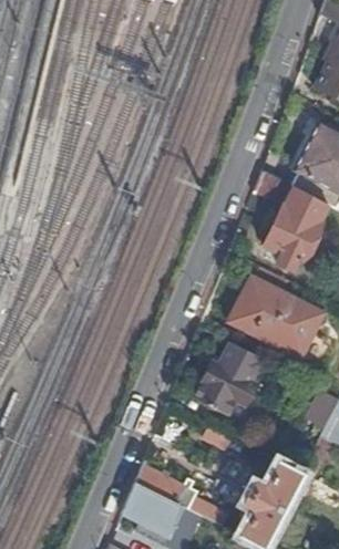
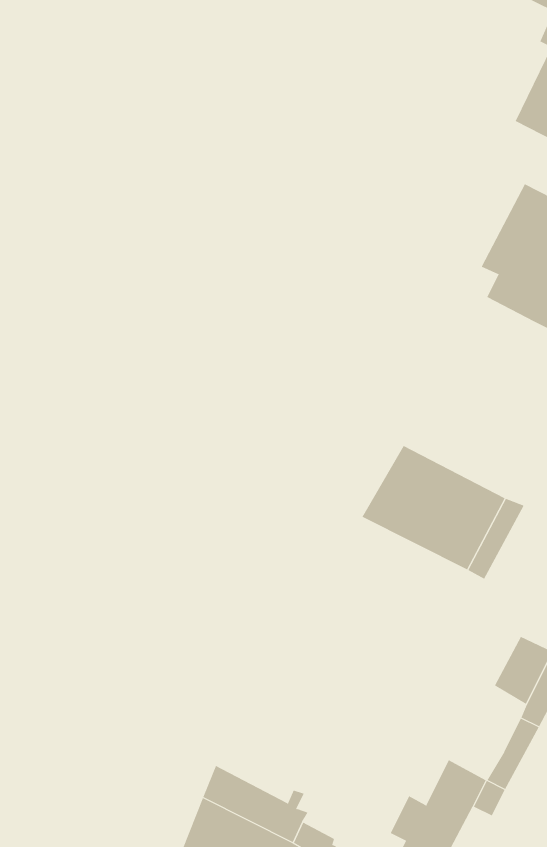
building: [253,170,328,270] -> none
building: [192,342,260,415] -> none

